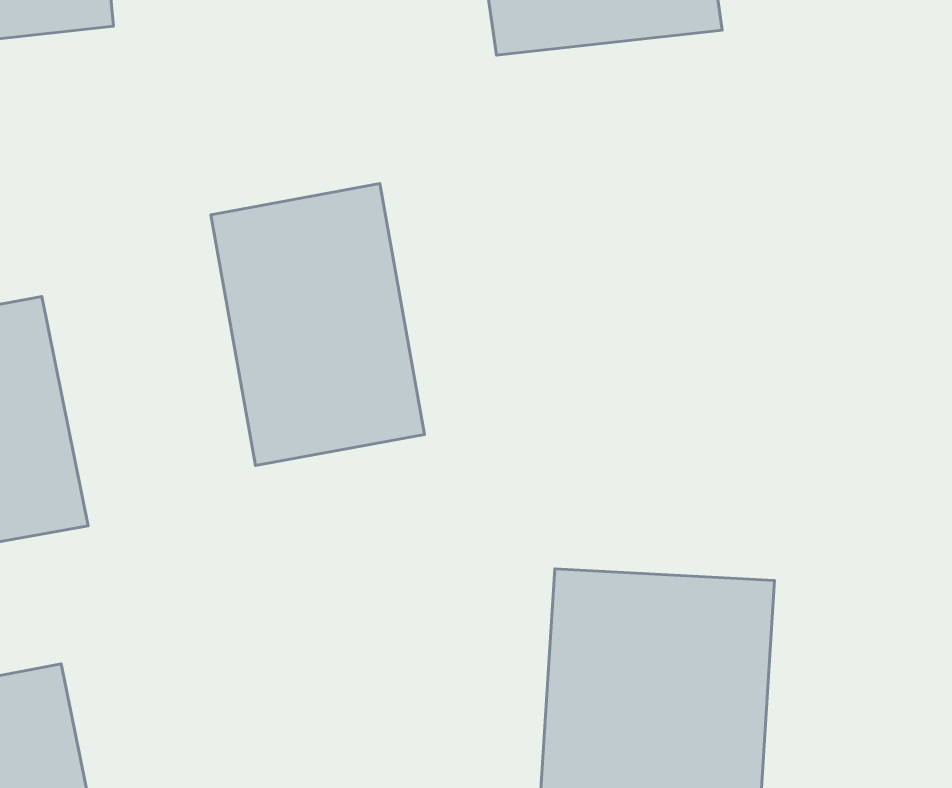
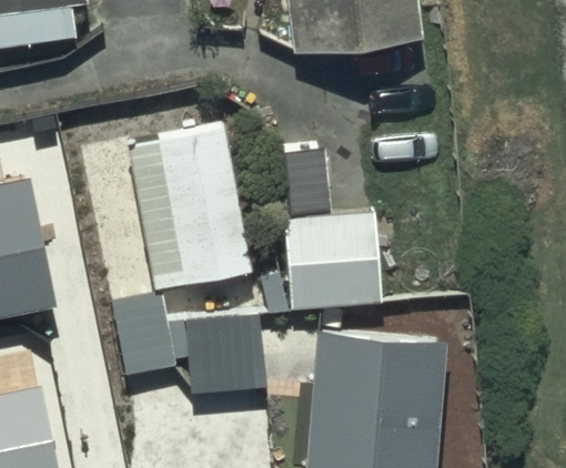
building: none -> [283,154,380,312]
building: none -> [113,293,266,396]

